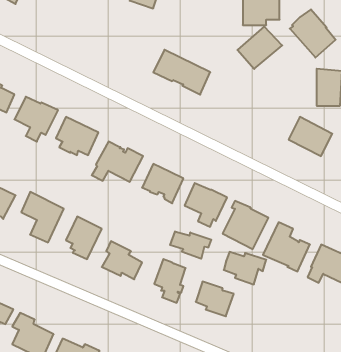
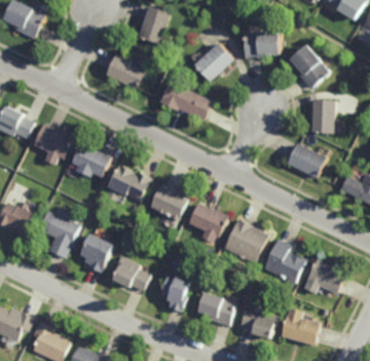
building: none -> [106,53,145,87]
building: [237,26,282,69] -> [194,41,235,80]
building: [170,231,211,259] -> none
building: [224,252,266,284] -> [238,310,278,339]
building: none -> [280,309,318,346]

